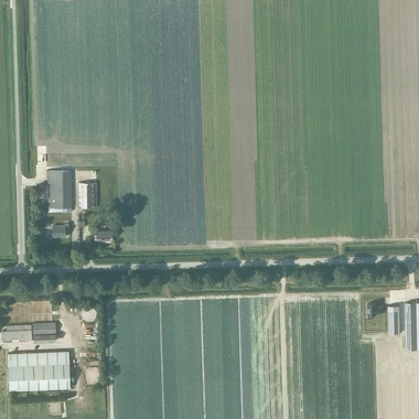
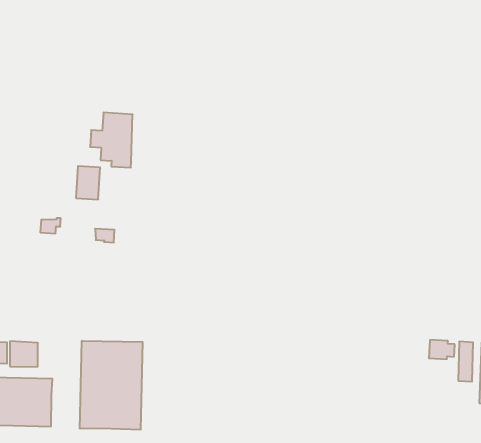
building: [39,171,72,213] -> [90,113,133,168]
building: none -> [80,341,143,430]

